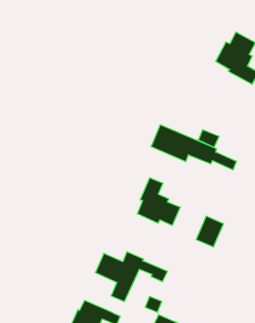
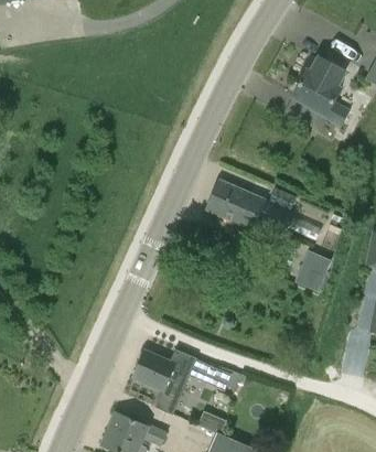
building: [137,178,180,225] -> none
building: [196,216,224,247] -> [294,249,331,290]

